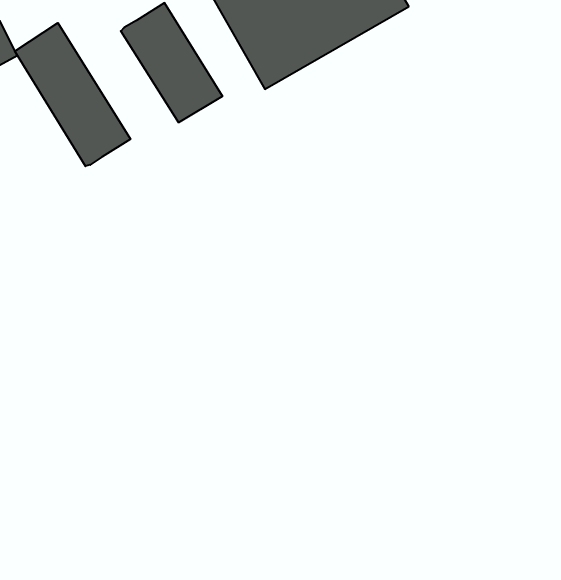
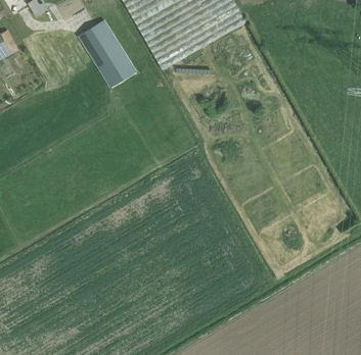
building: [15,23,130,166] -> none

